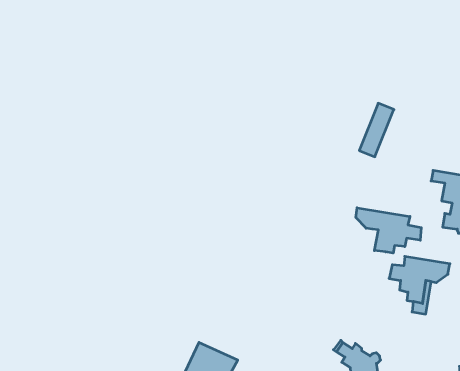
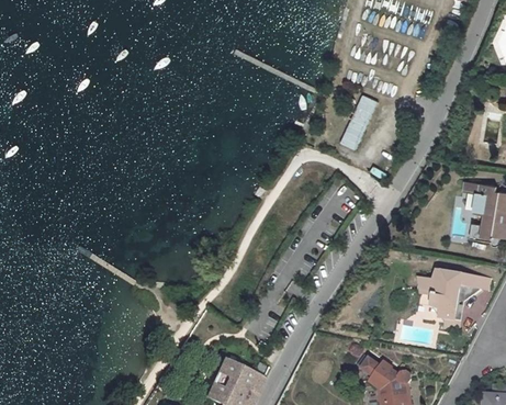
building: [359,103,394,157] -> [339,93,375,149]
building: [356,208,421,253] -> none

